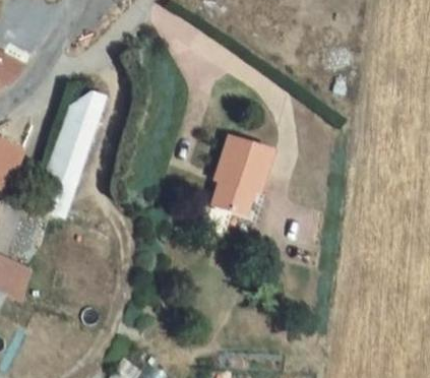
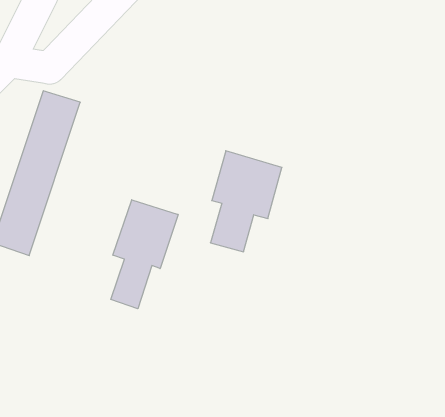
building: none -> [111,200,178,309]

